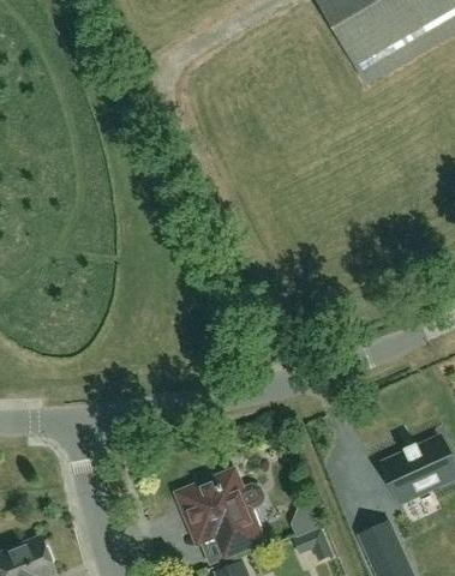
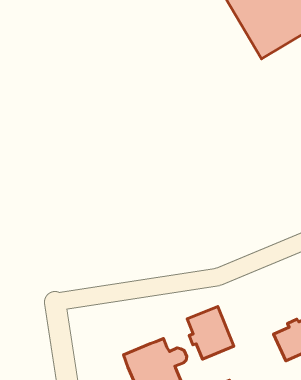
building: none -> [187,306,234,359]

